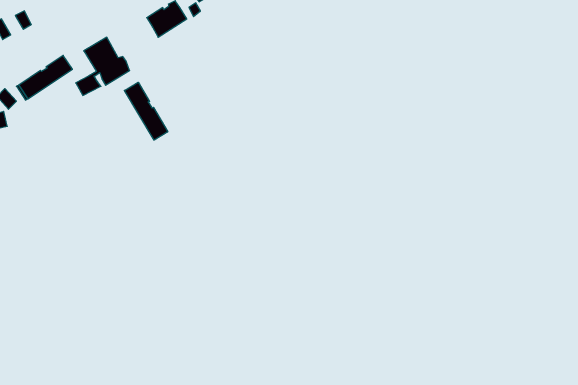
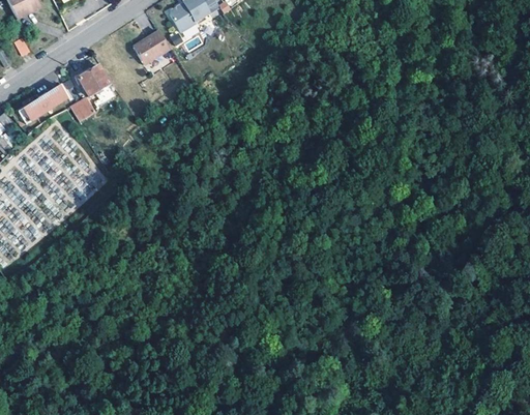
building: [124,82,168,140] -> none

